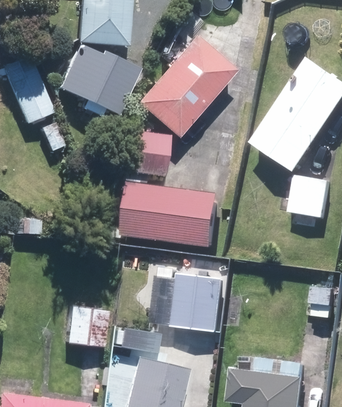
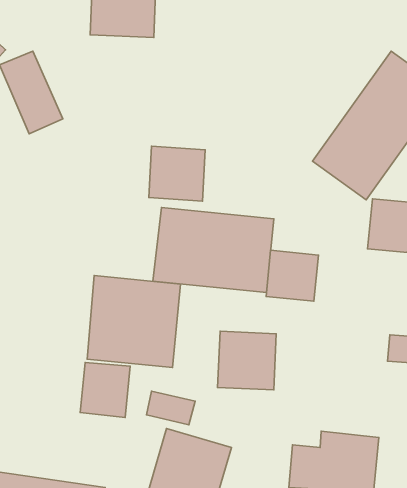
building: [135,32,236,138] -> none
building: [58,44,140,116] -> none
building: none -> [266,250,319,301]
building: none -> [87,276,181,367]

